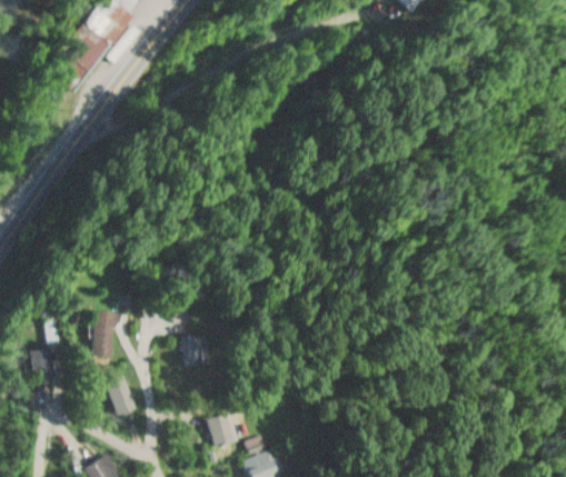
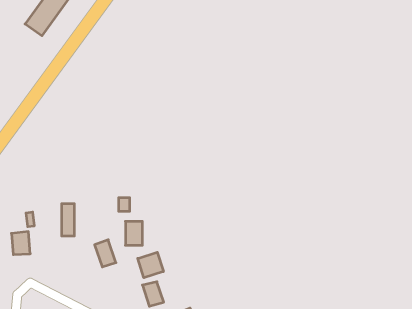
building: none -> [138,252,163,278]
building: [107,379,135,415] -> [95,240,116,267]

